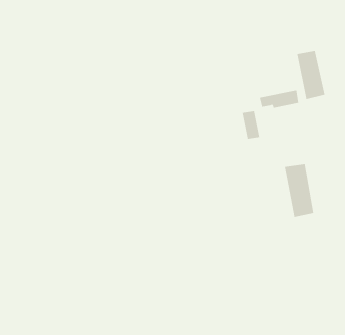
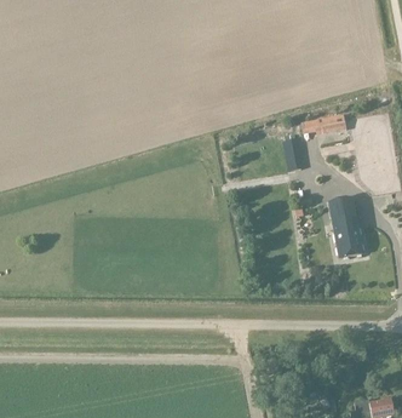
building: [297,50,325,100] -> none

